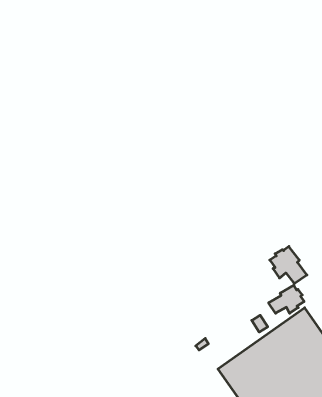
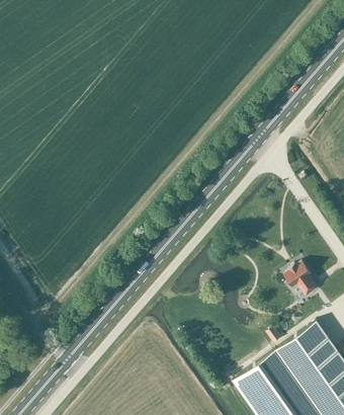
building: [269,285,304,313] -> none

